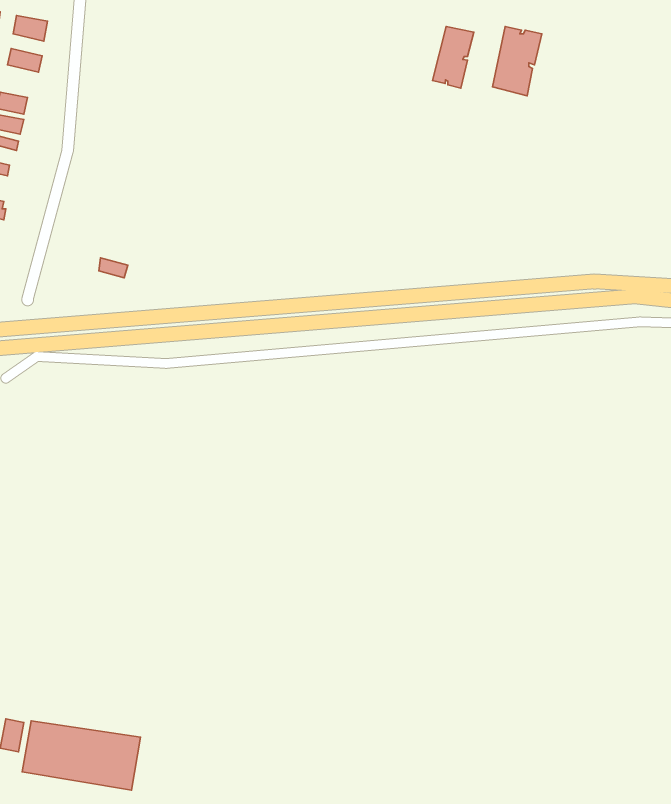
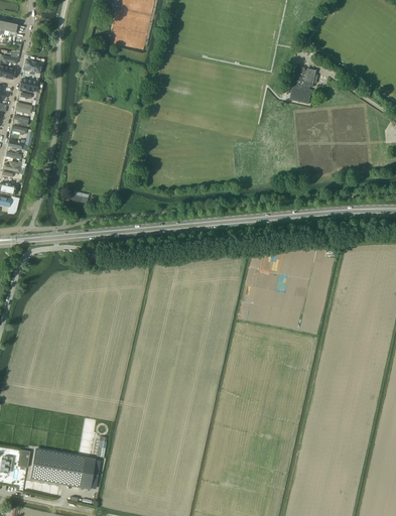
building: [432,27,474,88] -> none

